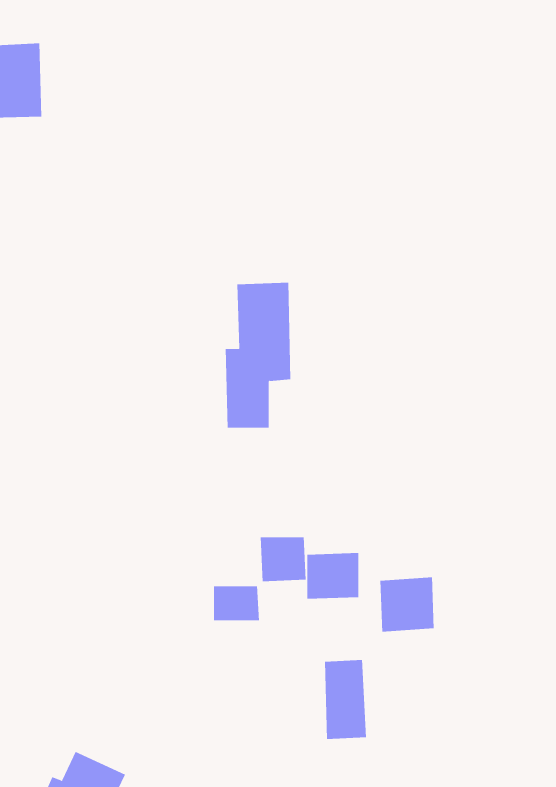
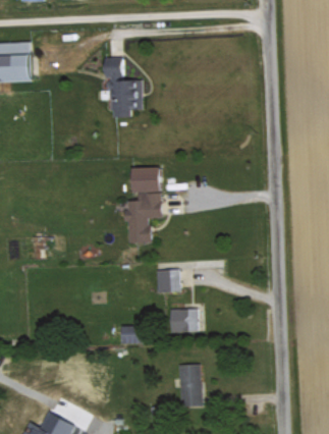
building: none -> [105,58,142,117]
building: [260,537,306,582] -> [154,270,178,293]
building: [380,576,434,632] -> none

